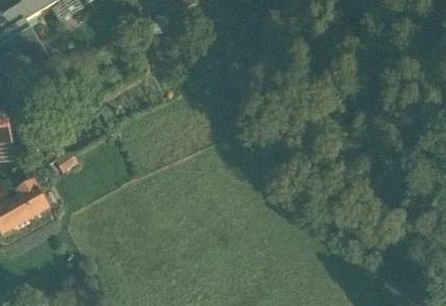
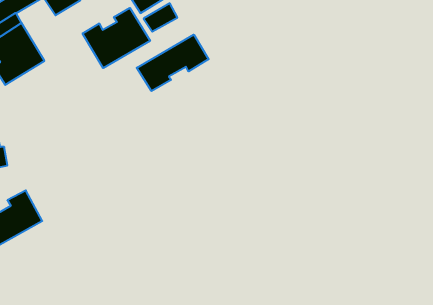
building: none -> [83,8,150,68]
building: none -> [137,35,209,91]

